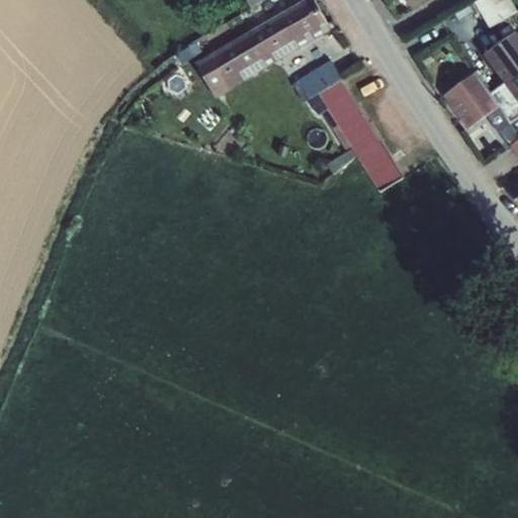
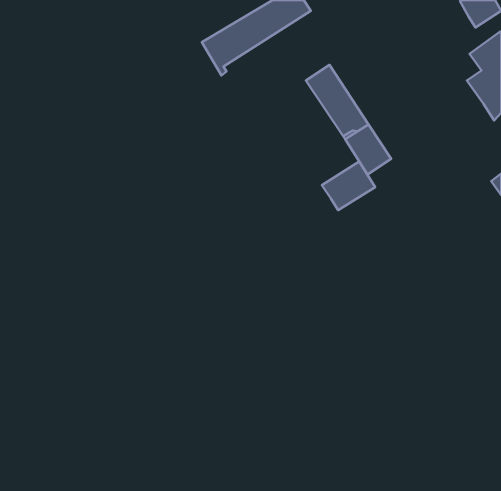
building: [295,61,340,98] -> none
building: [442,84,510,143] -> none
building: none -> [322,161,375,210]

